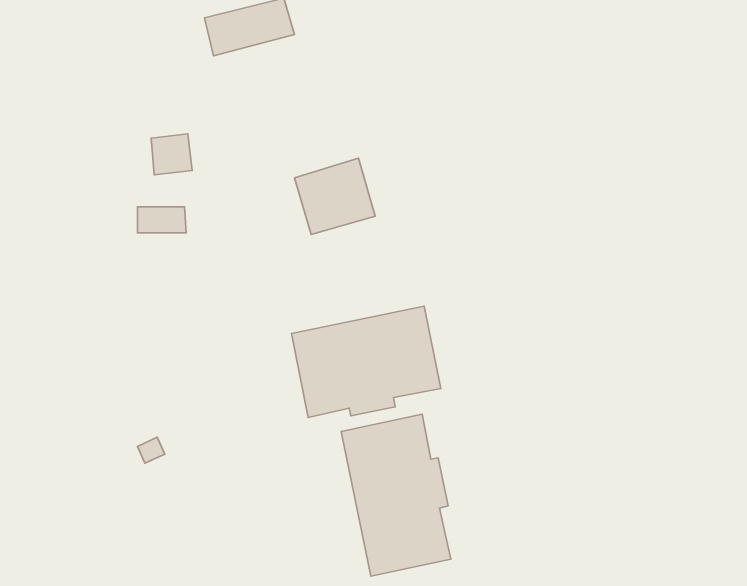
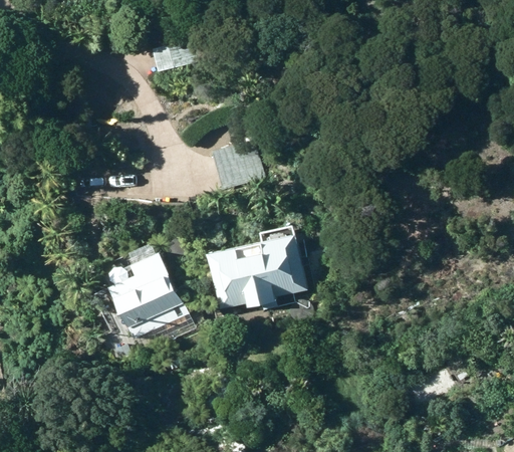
building: none -> [107,260,187,338]
building: [341,414,451,576] -> none

